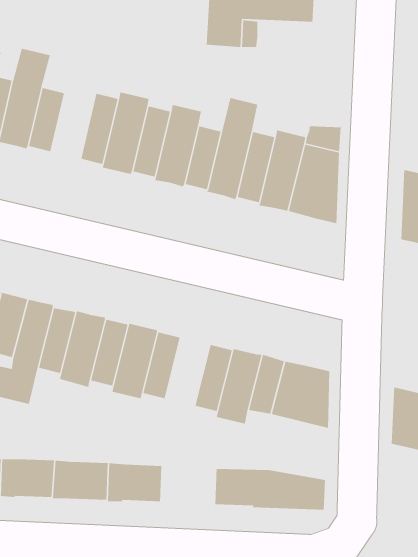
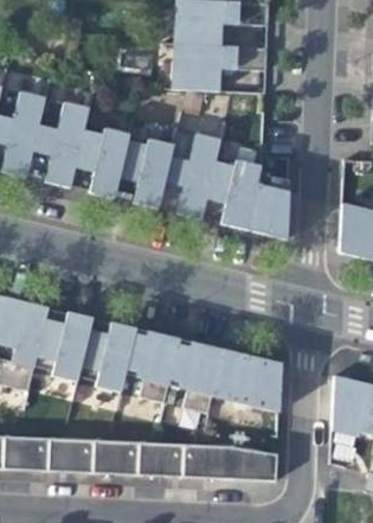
building: none -> [44,102,89,187]
building: none -> [140,332,179,397]
building: none -> [137,442,184,476]

